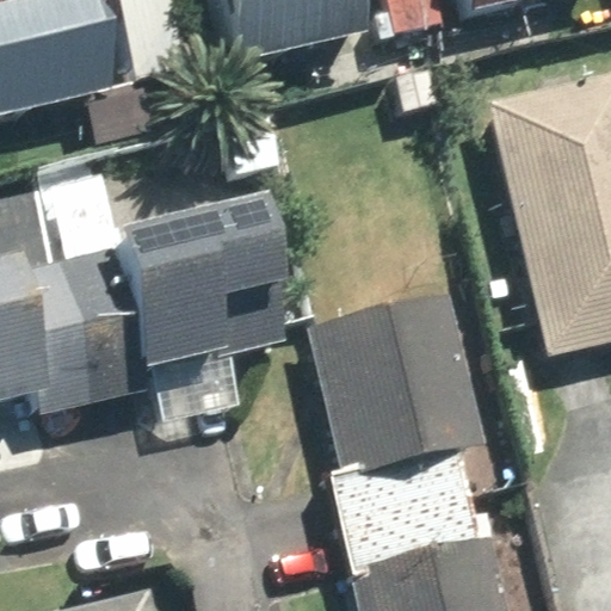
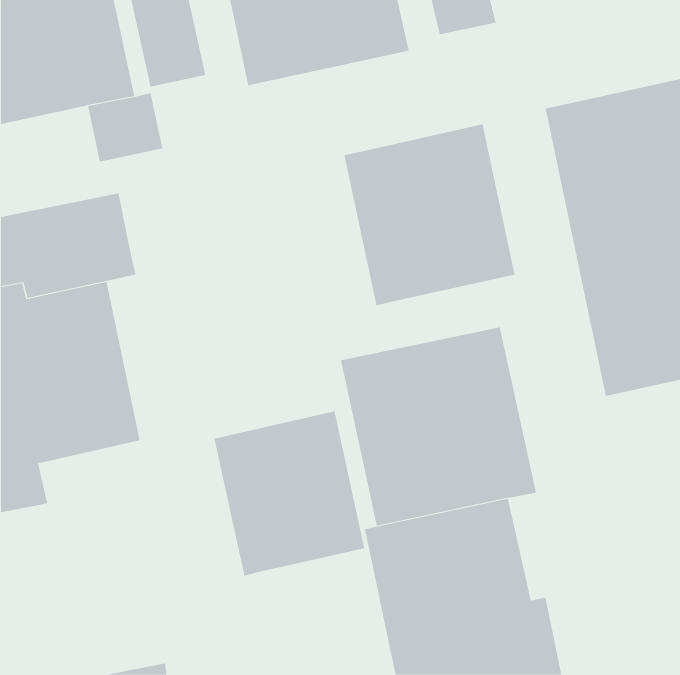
building: none -> [344,124,515,306]
building: [122,198,289,365] -> none
building: none -> [214,410,365,577]

